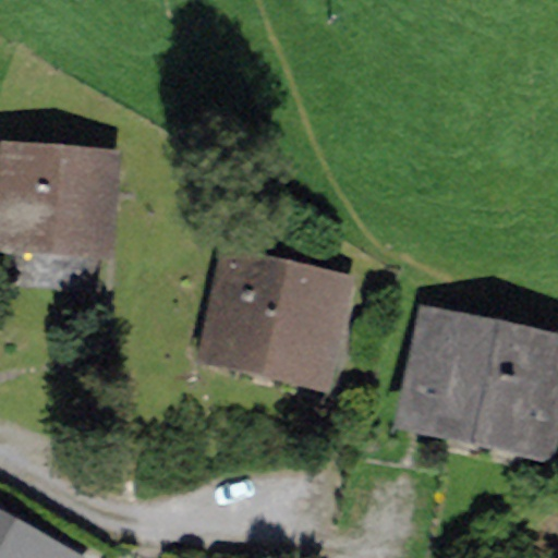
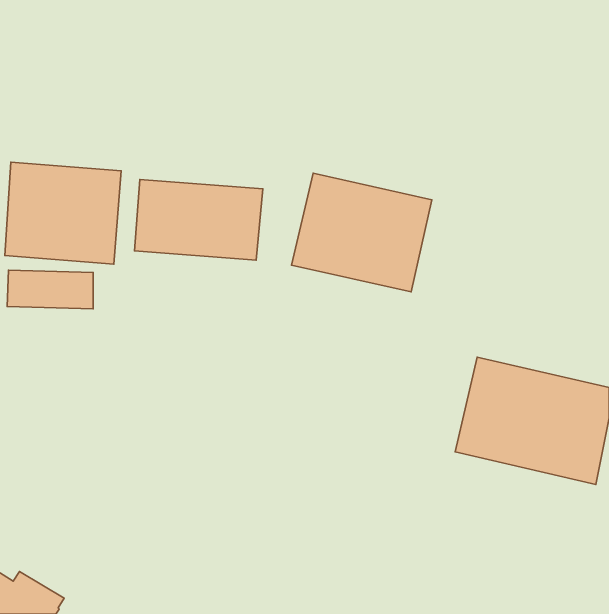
building: none -> [134,179,263,260]
building: [211,253,338,360] -> [291,173,432,292]

